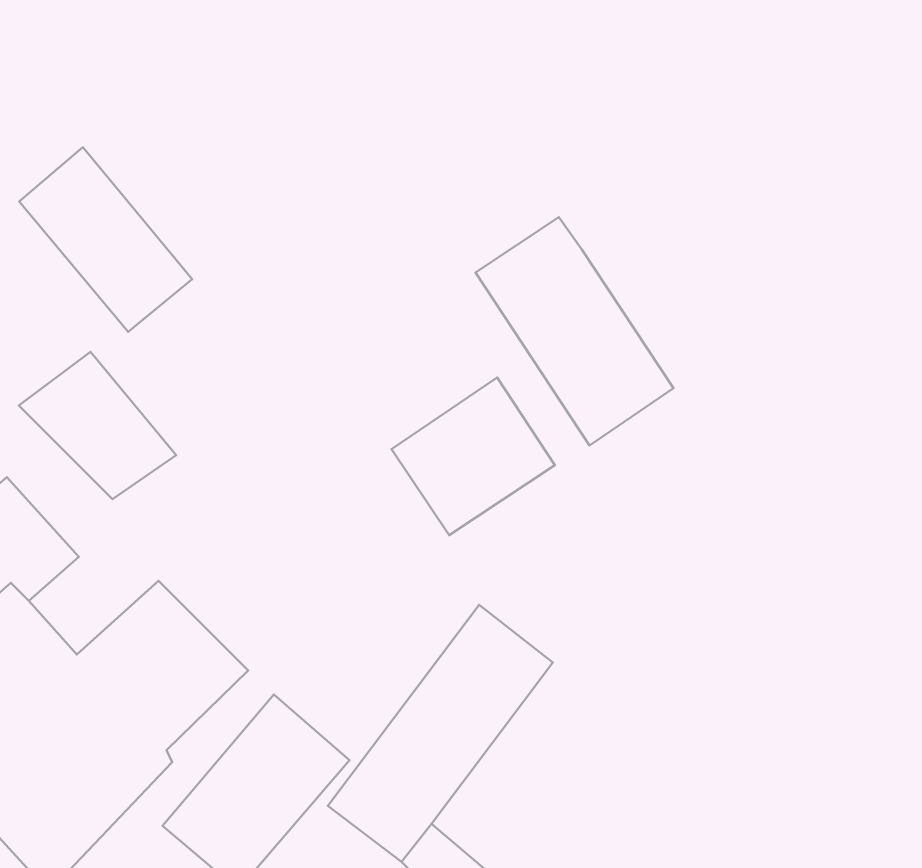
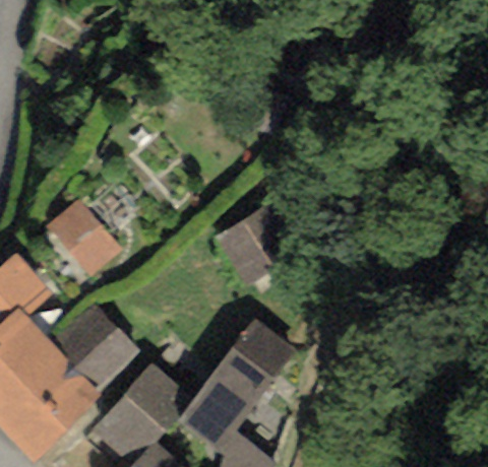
building: [19,147,192,332] -> none
building: [475,217,673,446] -> none

